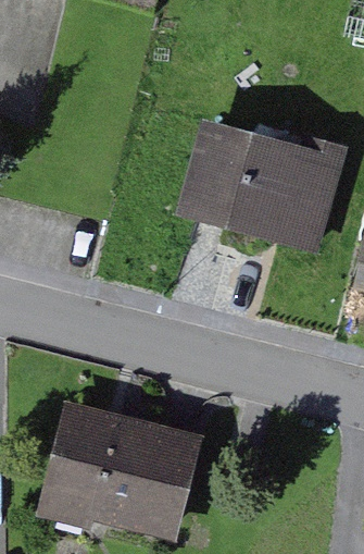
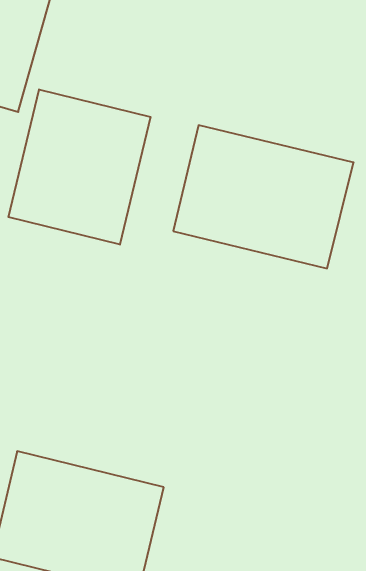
building: none -> [8,89,151,245]

